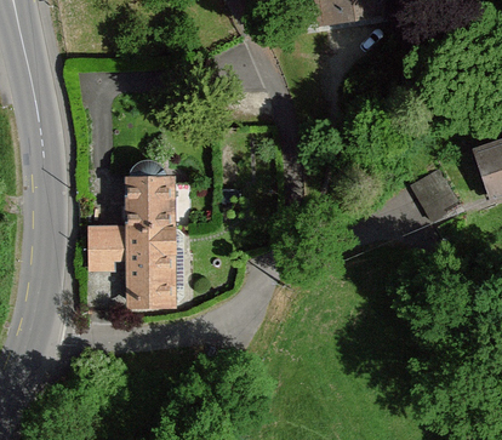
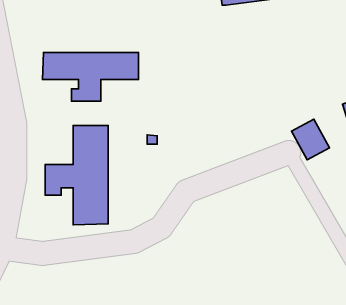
building: none -> [43,52,139,101]

